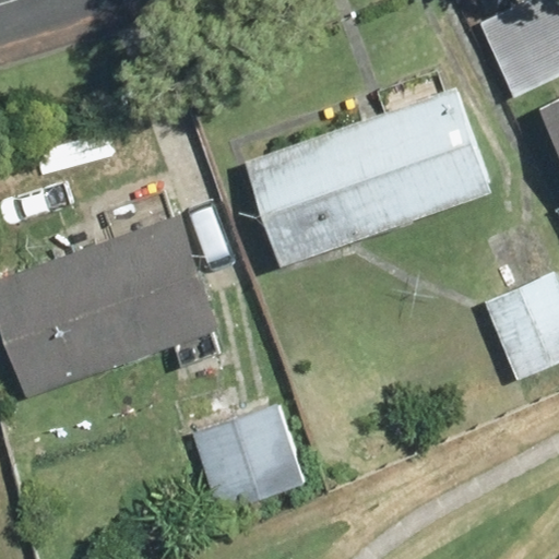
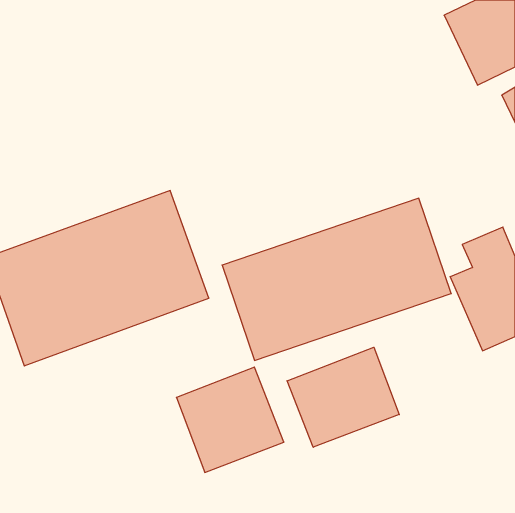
building: [246,90,492,264] -> [222,198,451,360]
building: none -> [287,347,399,447]

